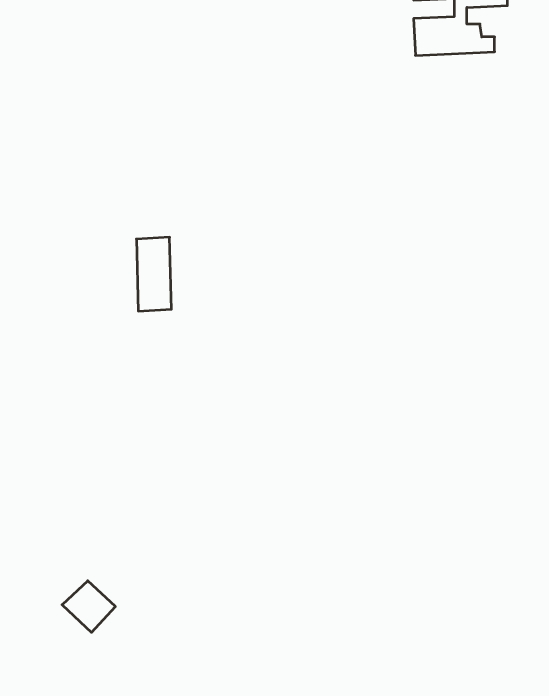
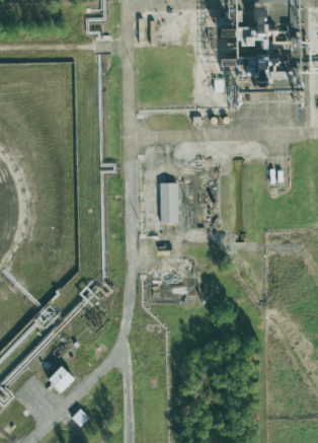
building: [136,237,171,311] -> [160,182,179,223]

